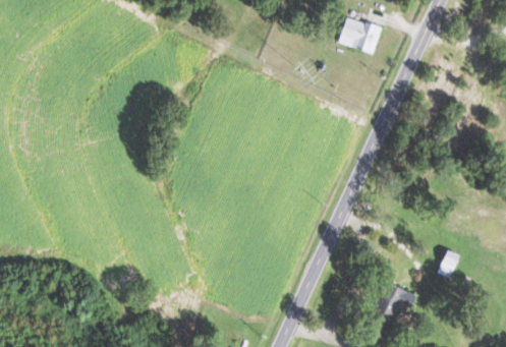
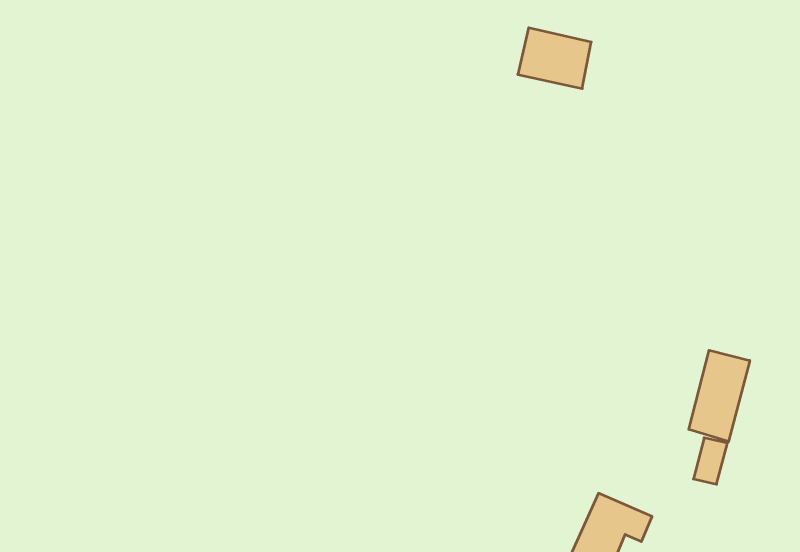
building: none -> [689,350,750,442]

